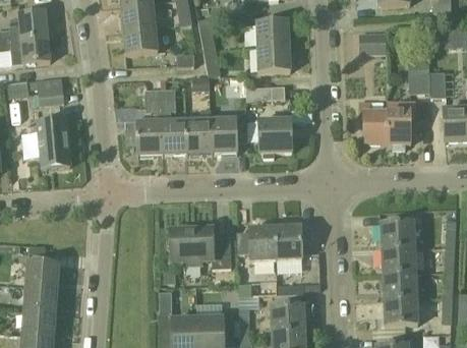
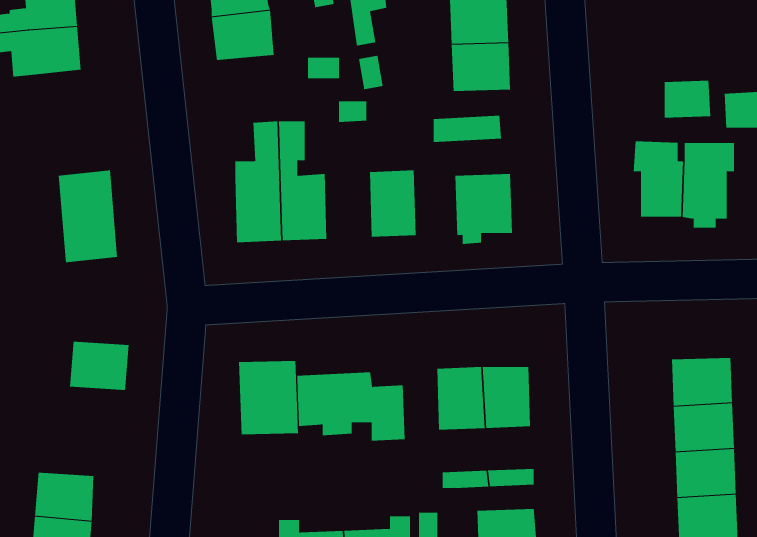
building: [359,32,386,53] -> [664,80,711,118]
building: [27,76,63,105] -> none
building: [186,109,212,155] -> none
building: none -> [239,360,298,435]
building: [25,259,59,287] -> [69,341,129,390]

